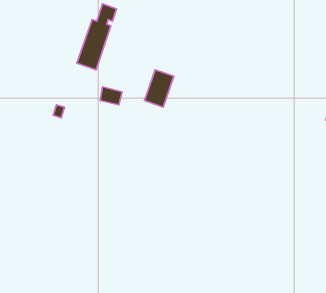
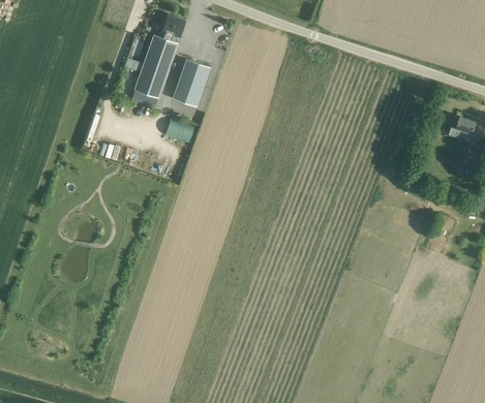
building: [145,70,174,107] -> [172,59,209,106]

